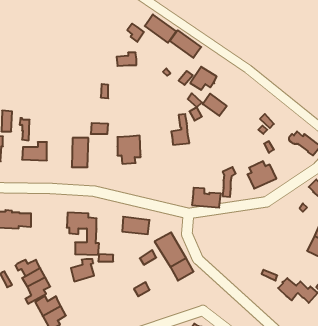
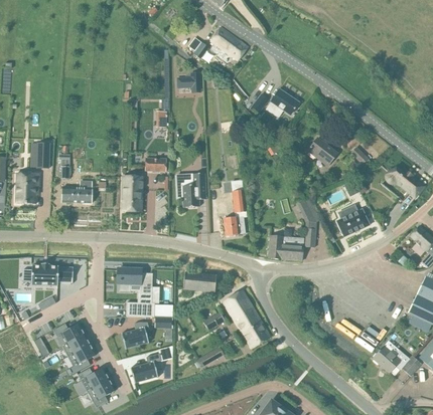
building: [170,30,201,58] -> none
building: [203,94,227,116] -> [308,138,337,165]
building: [171,114,189,145] -> [224,198,246,235]
building: none -> [130,354,161,384]

